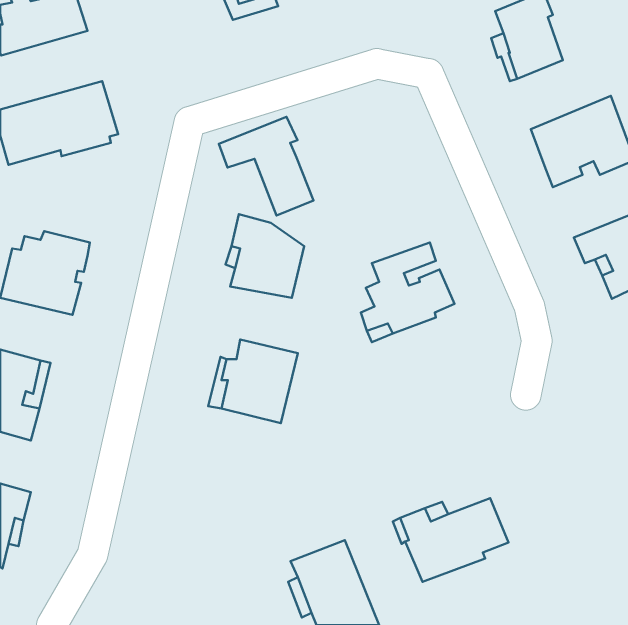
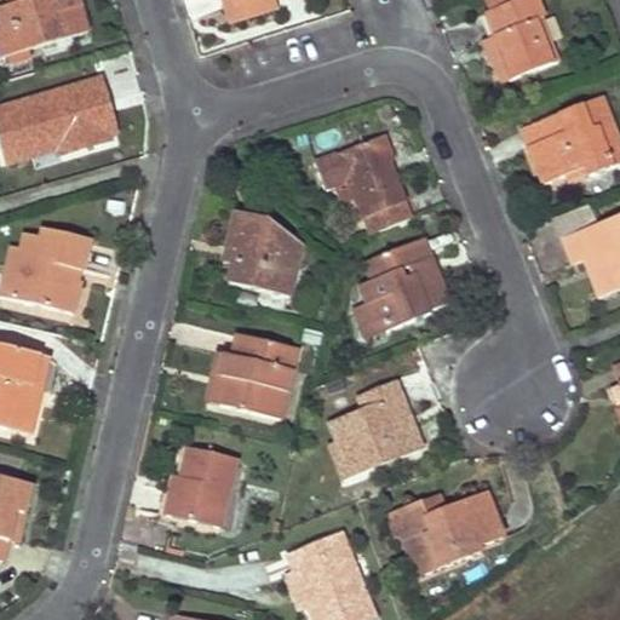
building: [219,117,314,215] -> [316,134,409,231]
building: none -> [331,379,420,476]
building: none -> [165,447,234,526]

